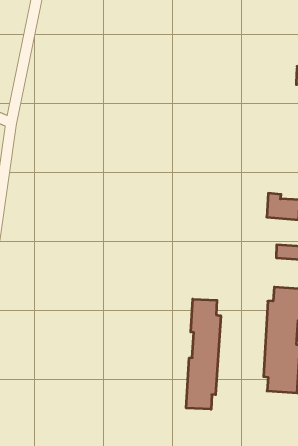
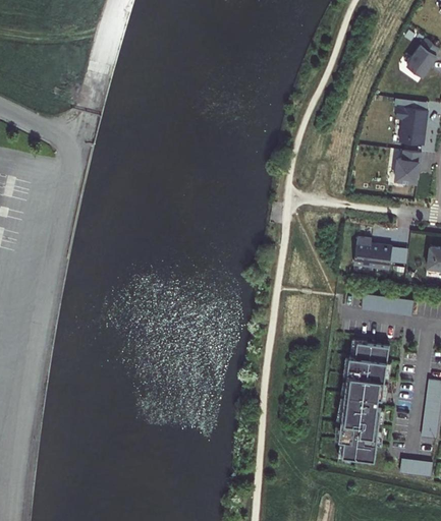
building: [186,299,221,409] -> none

